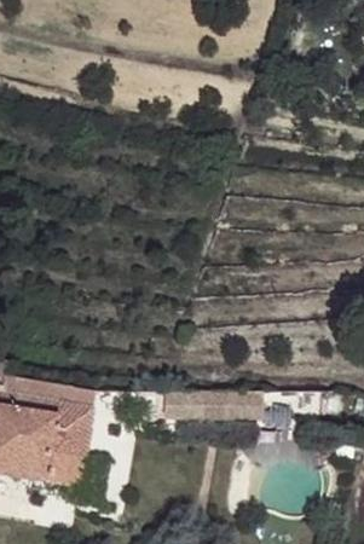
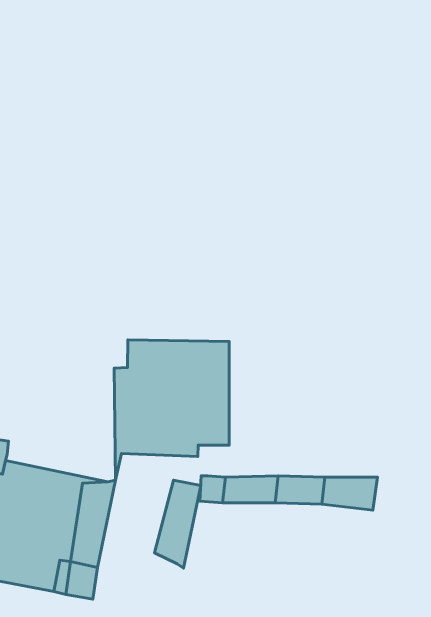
building: none -> [114,340,229,480]
building: none -> [154,480,201,568]

